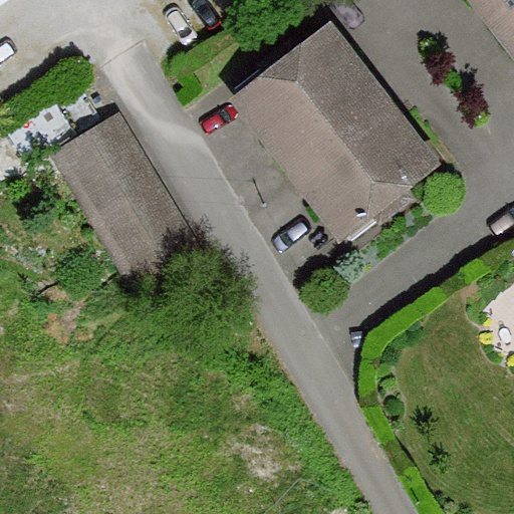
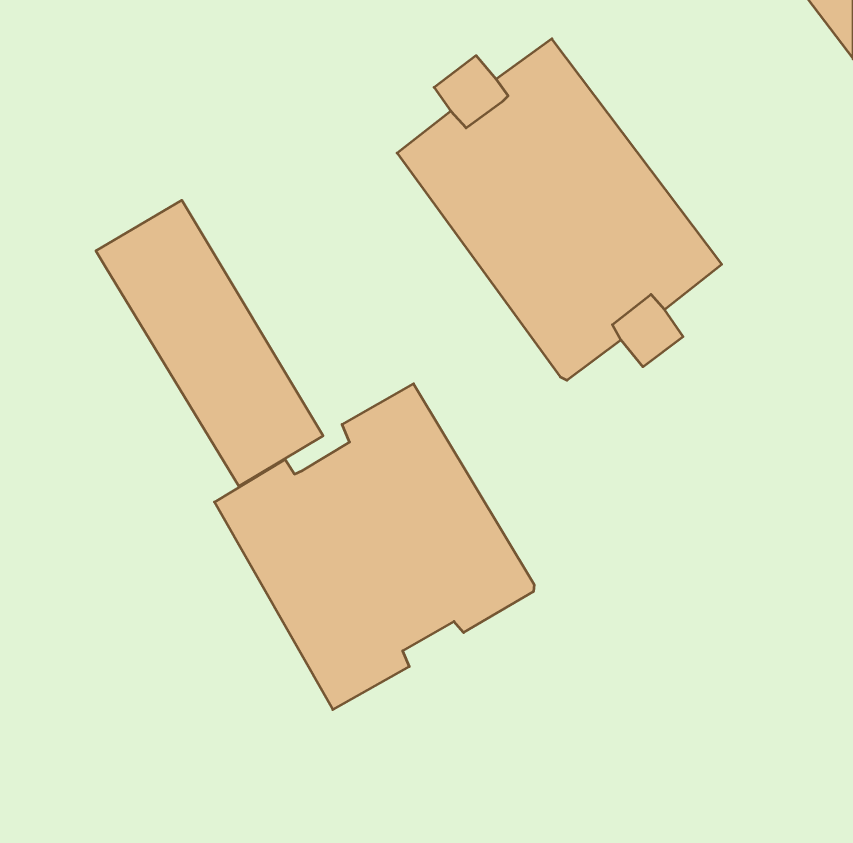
building: none -> [214,384,534,710]

